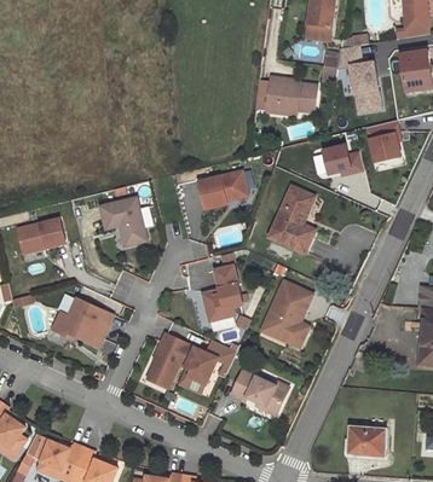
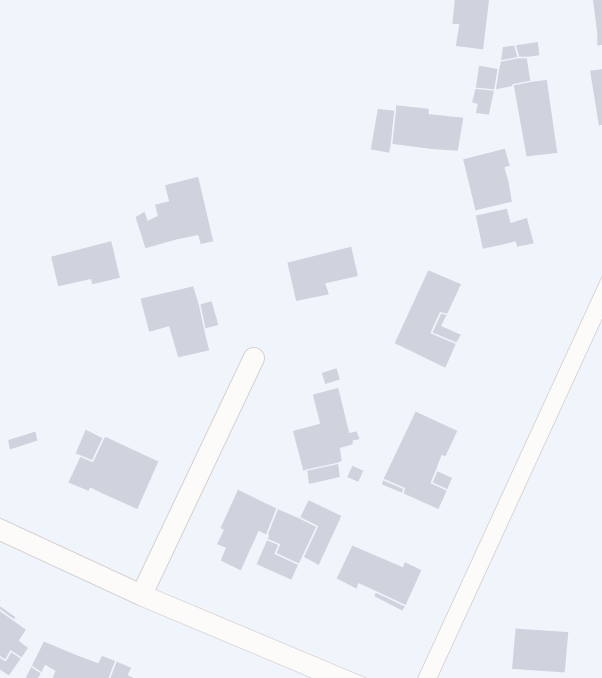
building: [365,120,399,162] -> [462,148,513,211]
building: none -> [134,176,214,249]
building: [17,217,64,249] -> [50,240,121,287]

